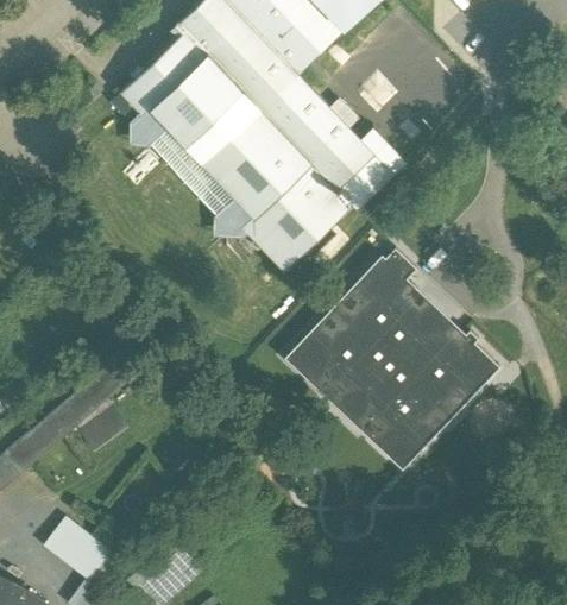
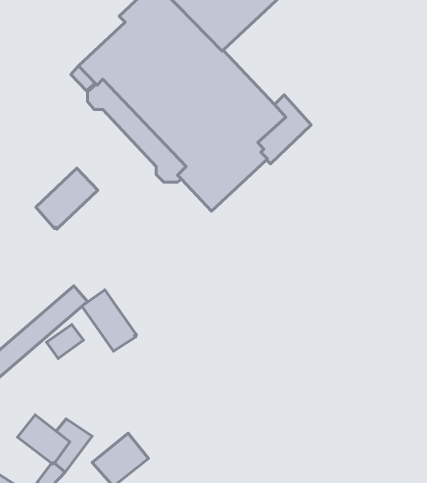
building: none -> [36,168,98,229]
building: [286,248,499,469] -> none
building: none -> [82,290,137,351]

